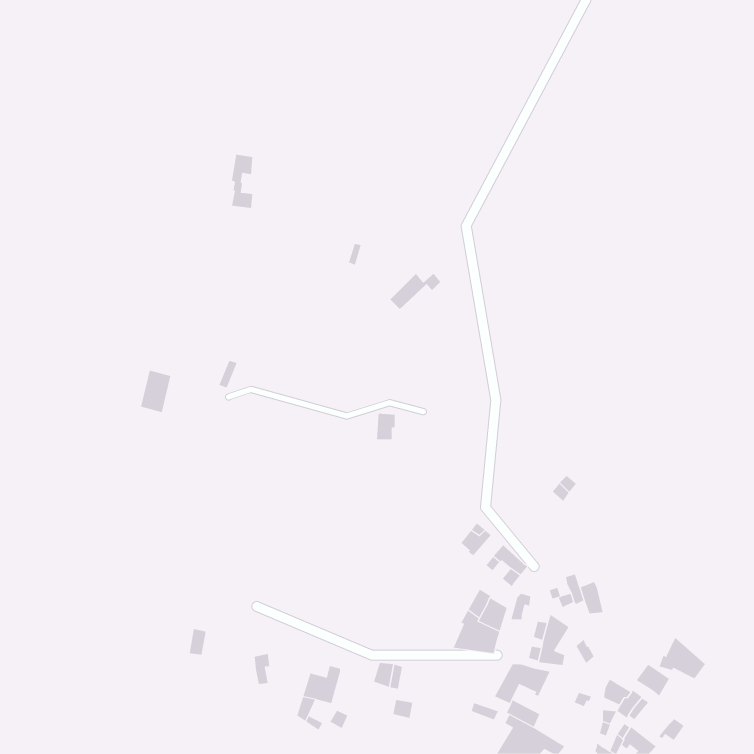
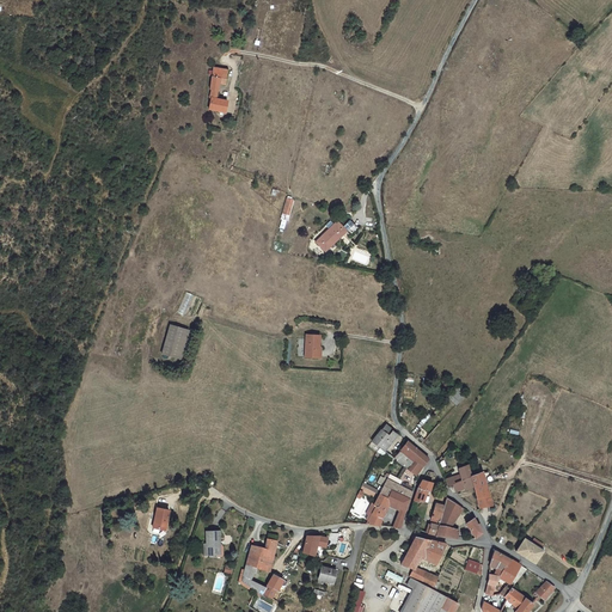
building: [231,154,253,209] -> [209,67,227,111]
building: [140,370,171,413] -> [164,324,189,359]
building: [659,637,706,679] -> none

